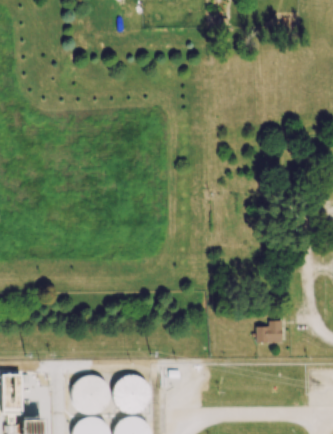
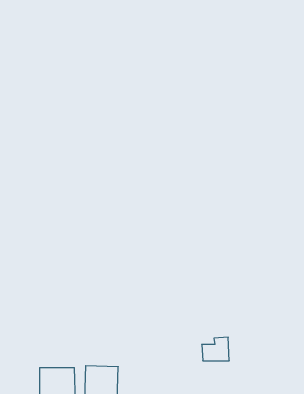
building: [256,319,283,342] -> [202,337,229,361]

